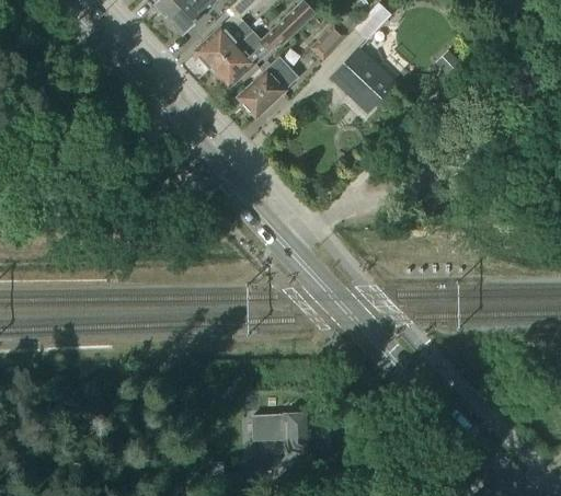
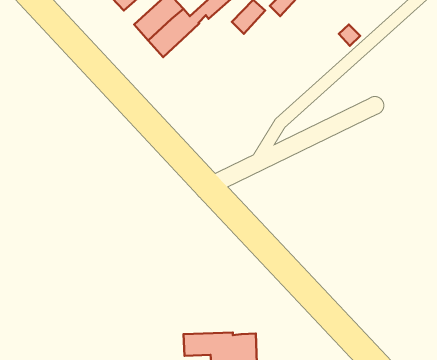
building: [332,48,396,112] -> none
building: [238,58,298,116] -> none

